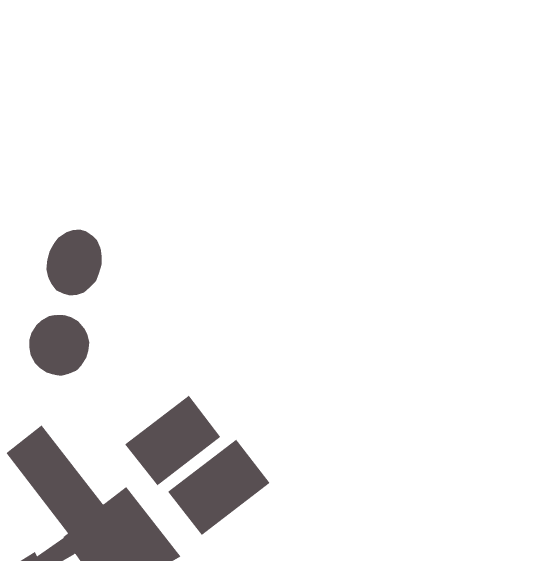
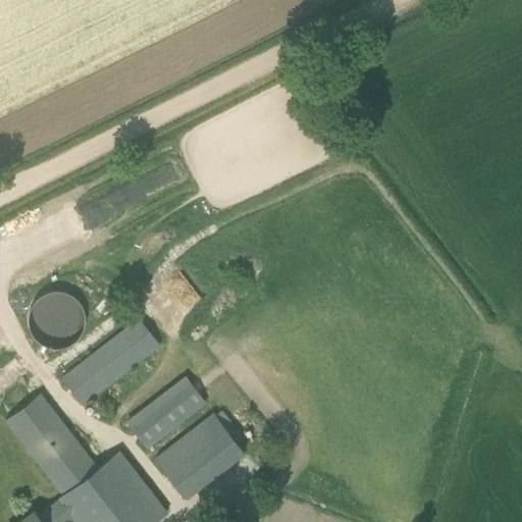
building: [46,229,102,296] -> none
building: none -> [60,319,157,408]

